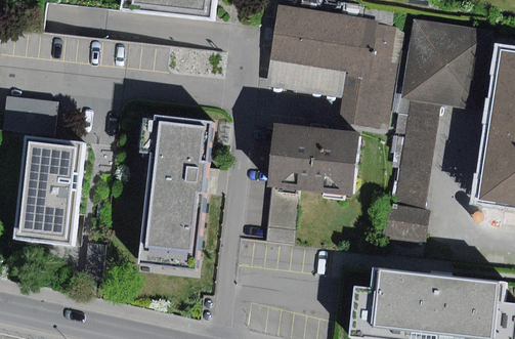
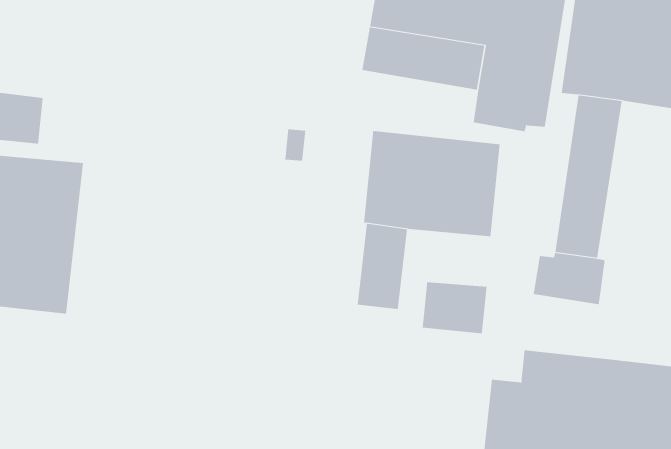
building: [141,115,211,266] -> none
building: none -> [422,282,487,334]

